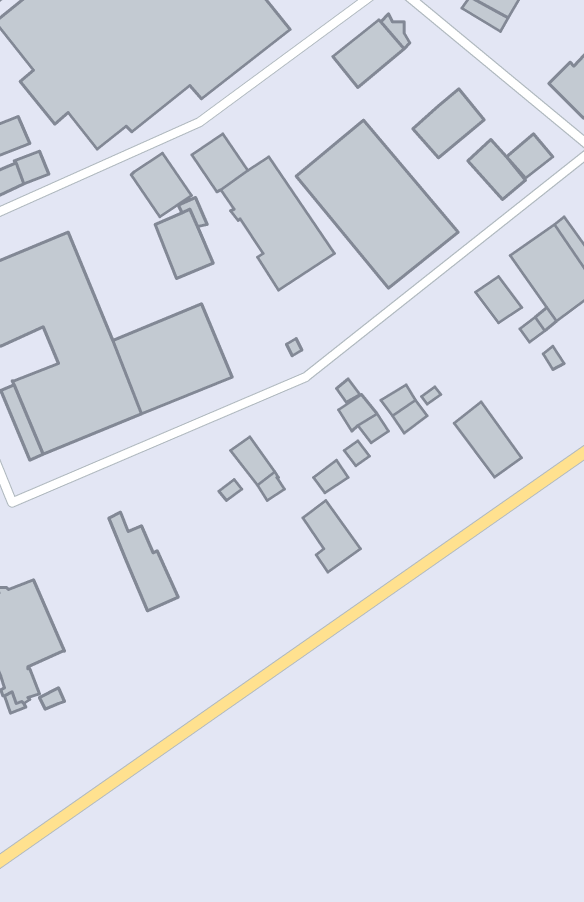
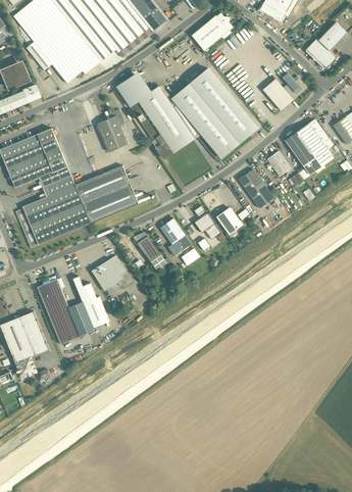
building: [413,89,484,158] -> none
building: [131,153,191,217] -> none
building: [454,402,522,477] -> [238,168,273,208]
building: none -> [91,255,127,291]
building: [303,501,361,572] -> [160,218,191,256]
building: none -> [37,277,94,344]

